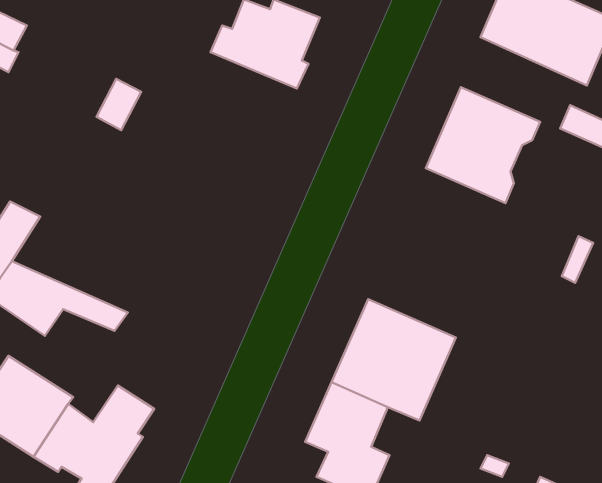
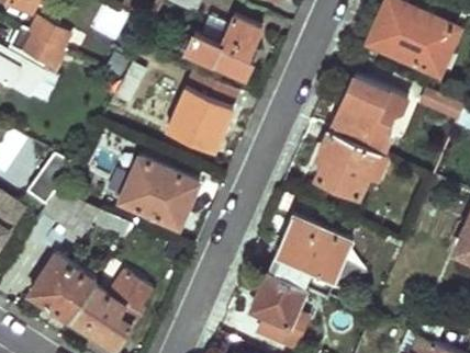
building: none -> [167,73,236,150]
building: none -> [315,130,385,197]
building: none -> [120,155,199,226]

